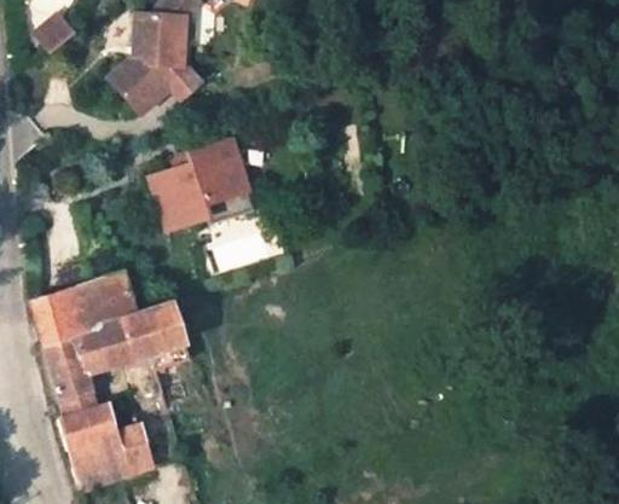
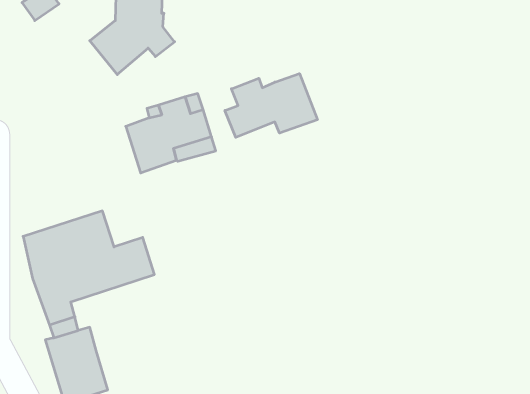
building: none -> [225,74,317,137]
building: [116,424,154,476] -> none

